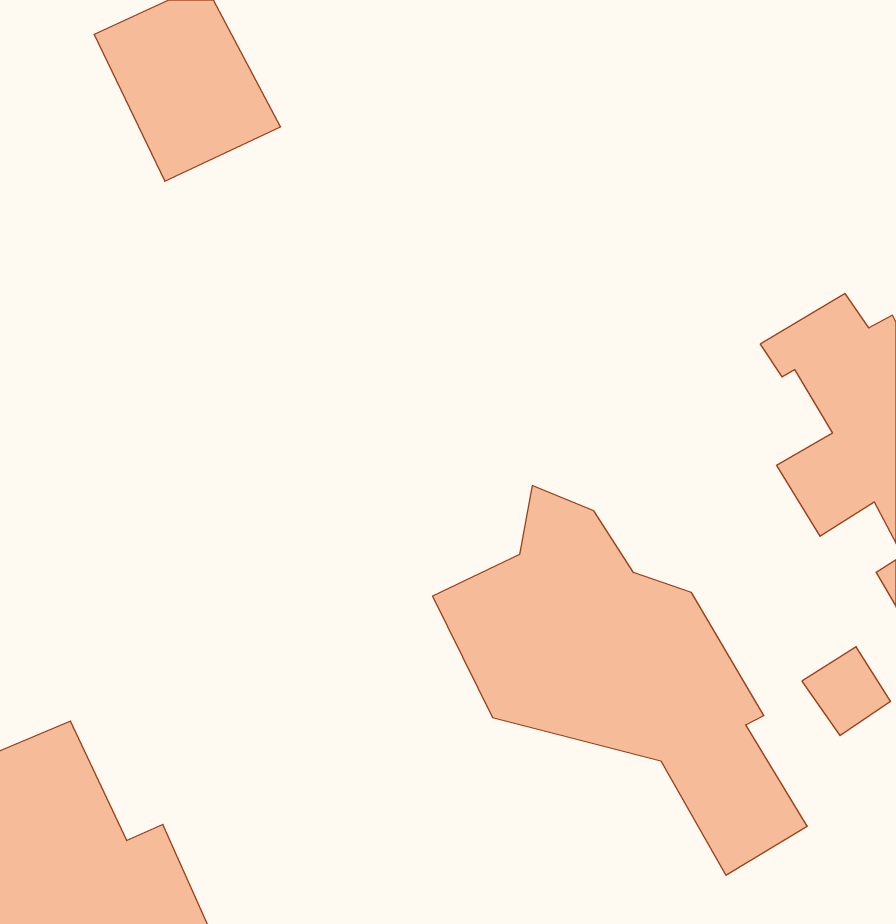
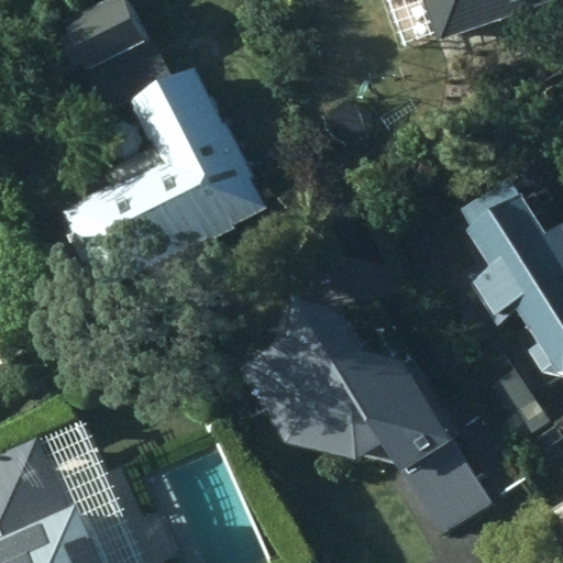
building: none -> [56,67,266,297]

